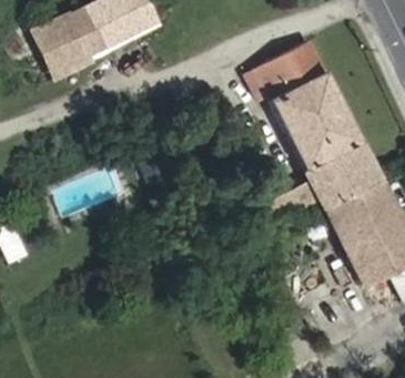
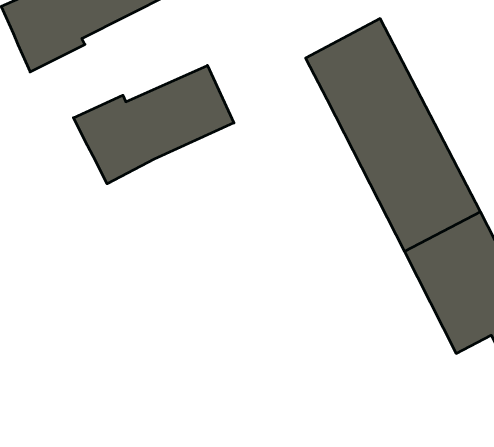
building: none -> [73,65,234,184]

